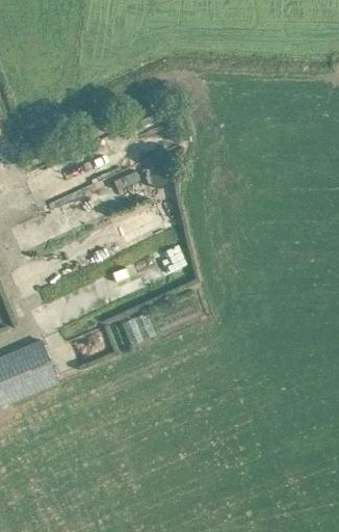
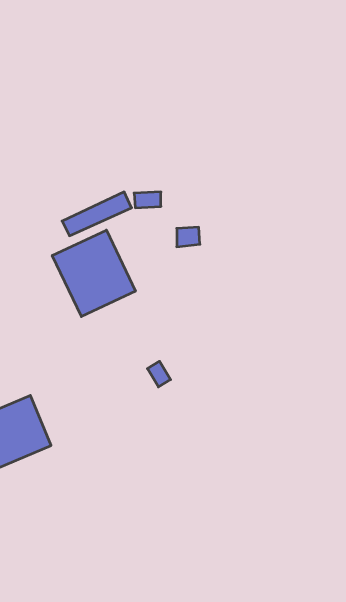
building: none -> [52,230,135,317]

